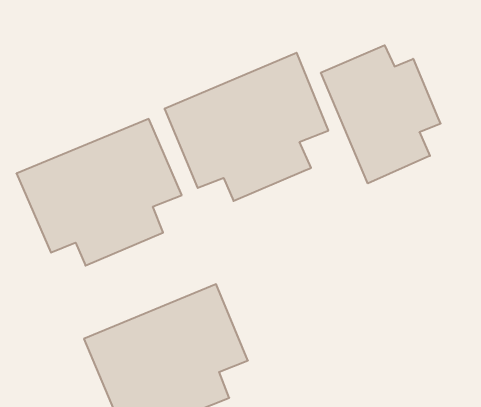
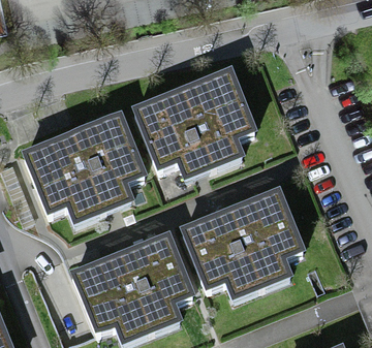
building: [321,45,441,183] -> none
building: none -> [185,194,304,300]

